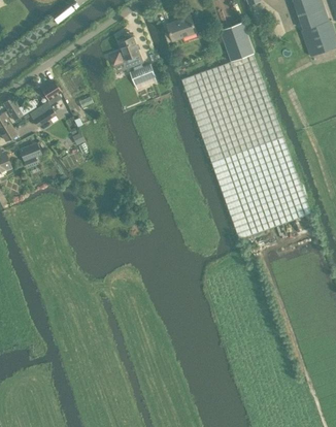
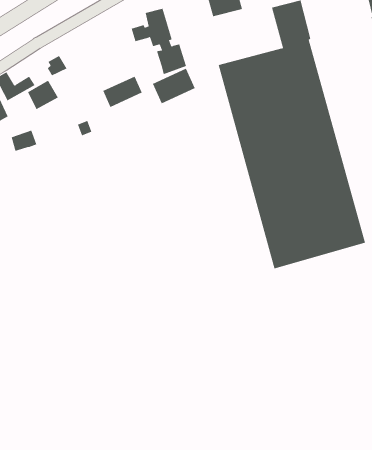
building: none -> [152,68,196,104]
building: none -> [102,76,143,108]

